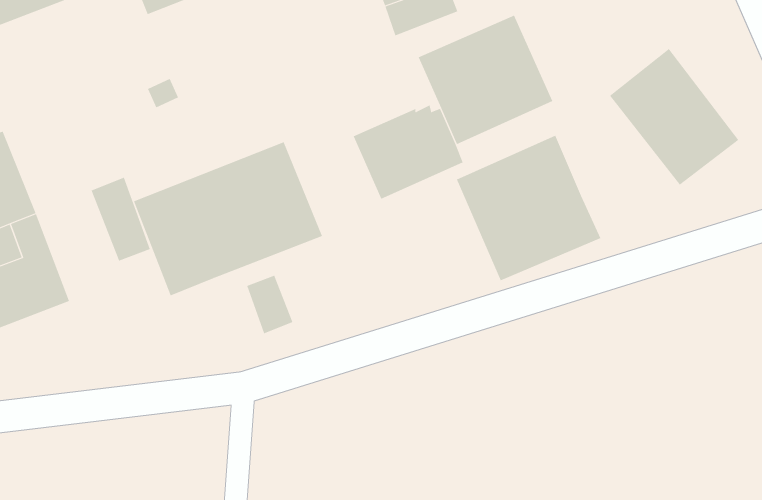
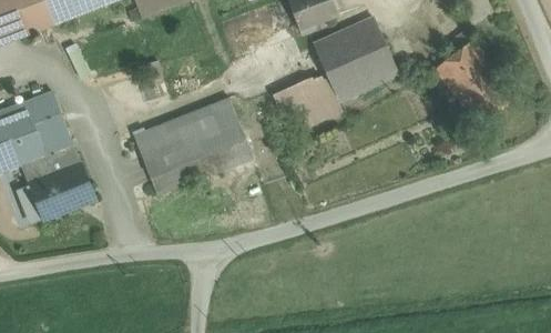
building: [456,135,601,281] -> none
building: [91,177,151,261] -> none
building: [247,275,293,334] -> none

